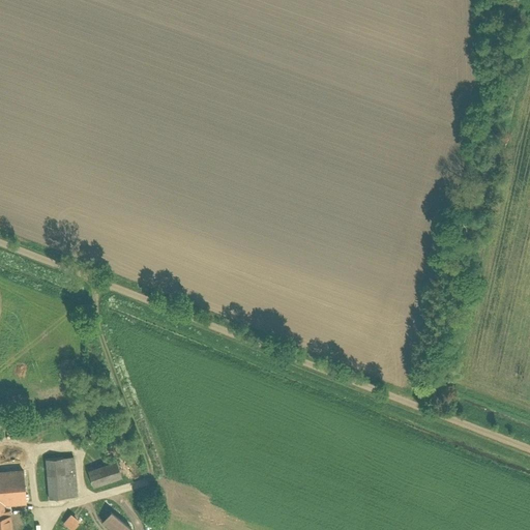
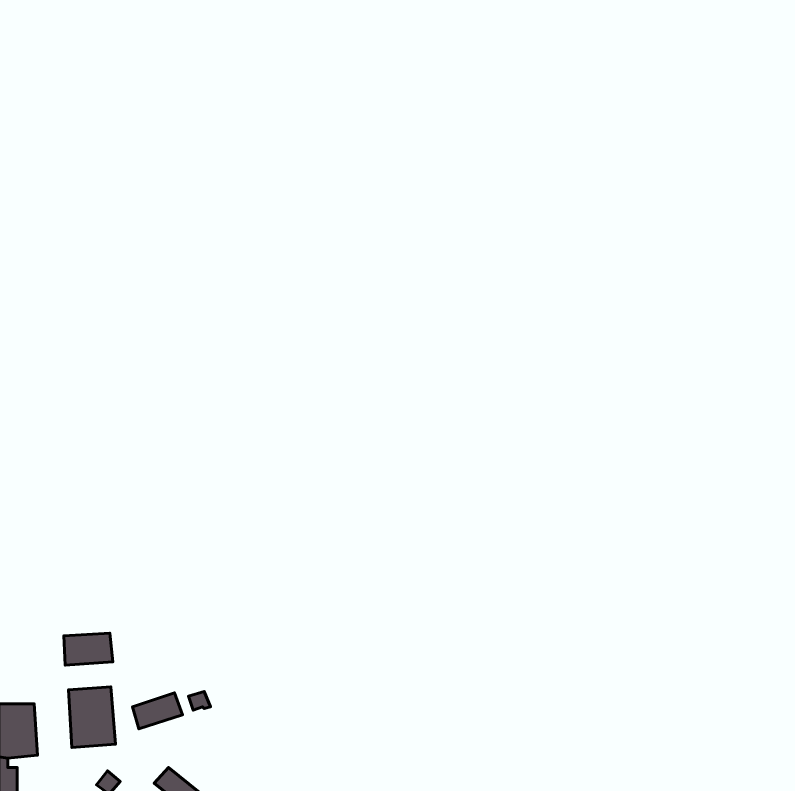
building: none -> [64,633,113,665]

